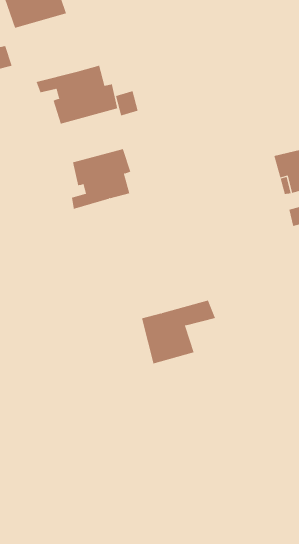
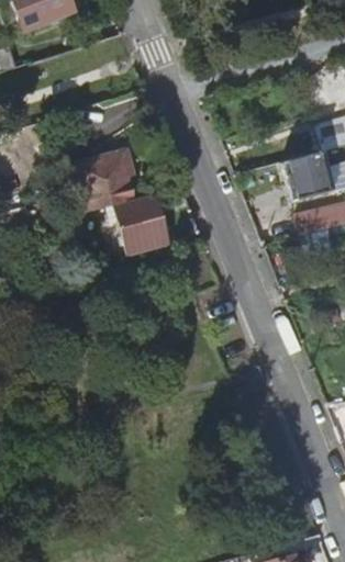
building: [36,65,118,124] -> none
building: [141,300,216,364] -> [115,186,192,251]

